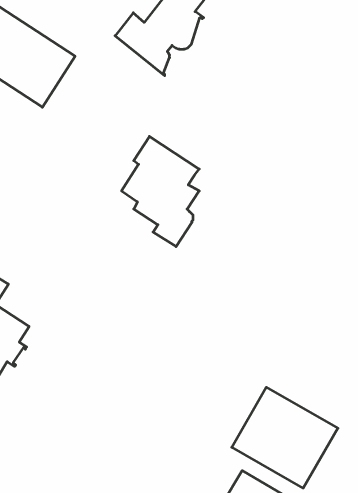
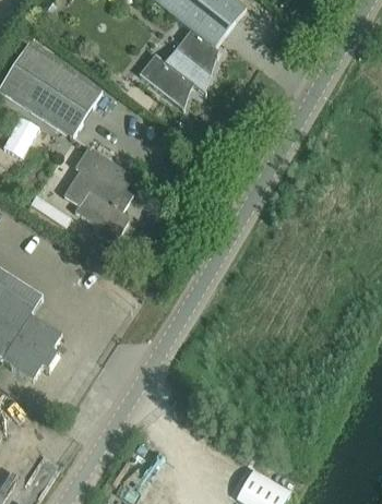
building: [122,136,199,247] -> [63,144,133,243]
building: [232,387,338,488] -> none

